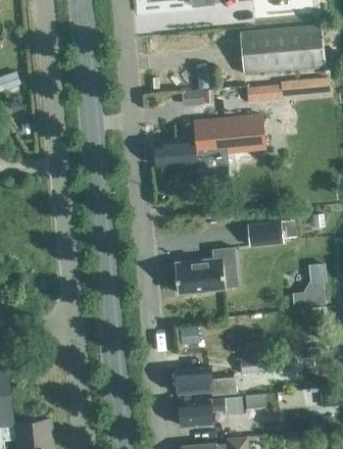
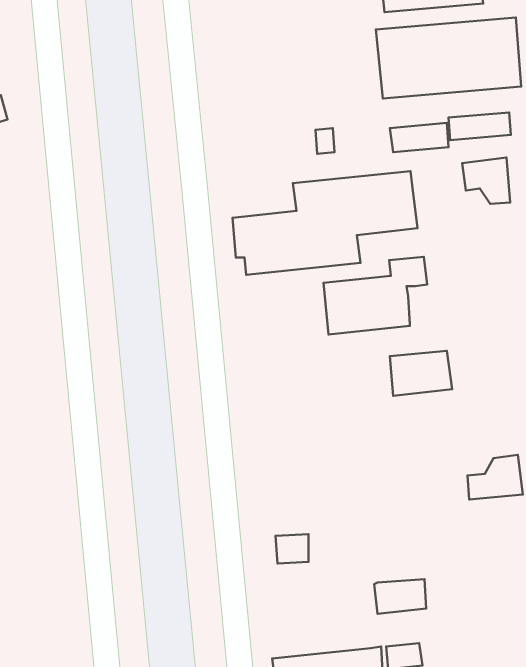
building: none -> [462,158,510,204]
building: [175,248,236,294] -> [323,257,427,335]
building: [176,366,236,394] -> none

